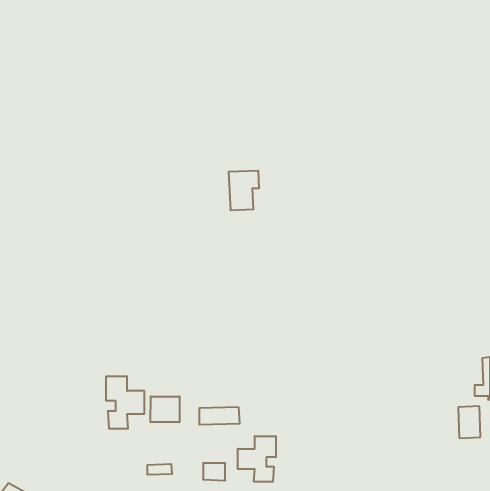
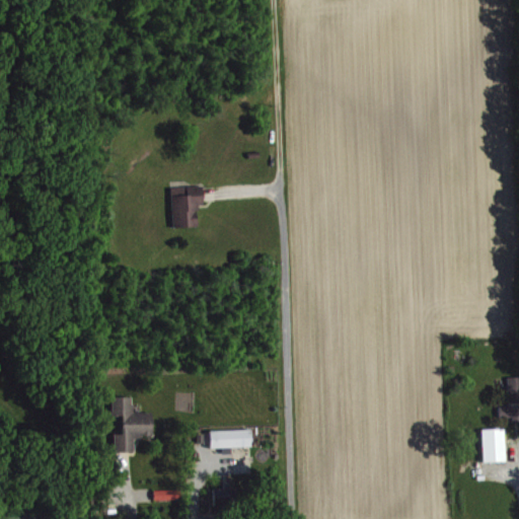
building: [229,171,259,210] -> [171,187,204,228]
building: [151,396,180,422] -> none
building: [238,436,276,482] -> none

